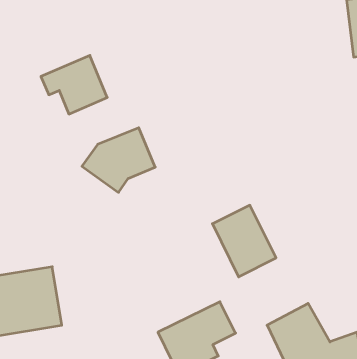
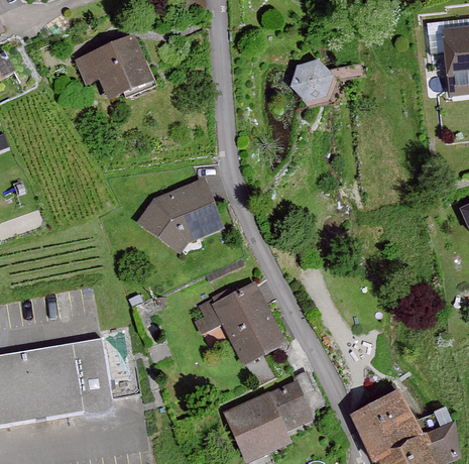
building: none -> [289,60,335,103]
building: [41,55,107,114] -> [76,36,152,104]
building: [212,205,276,277] -> [213,281,286,364]

